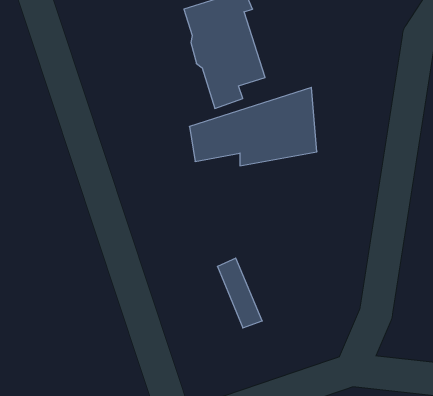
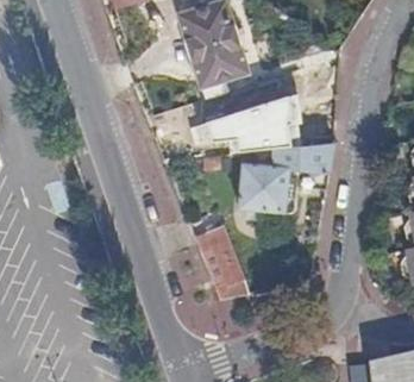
building: none -> [239,144,332,215]

